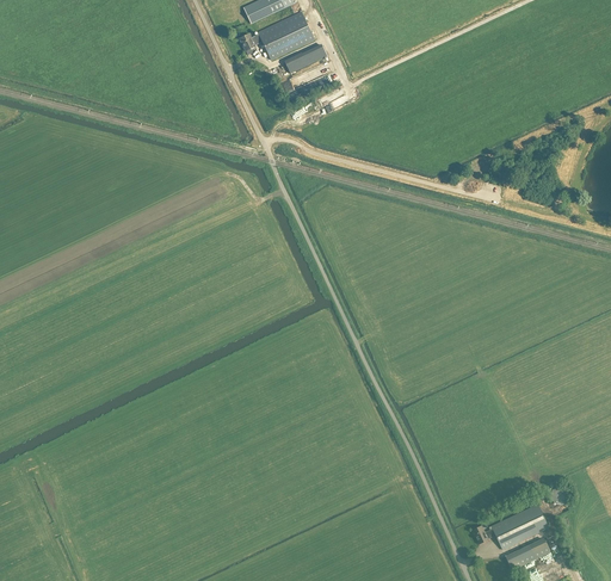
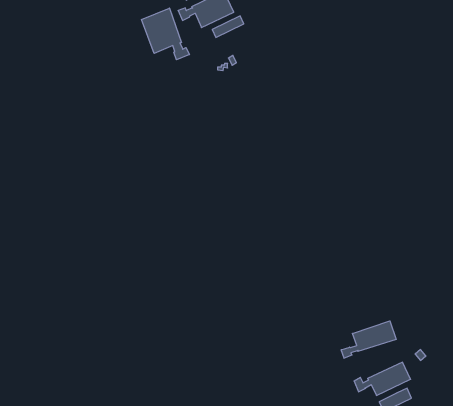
building: none -> [141,8,189,60]
building: none -> [341,321,396,358]

